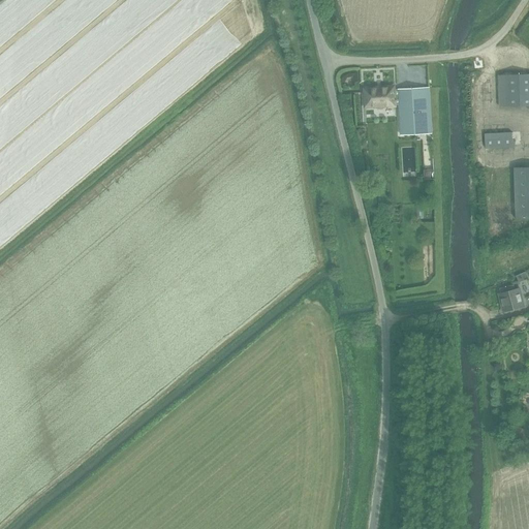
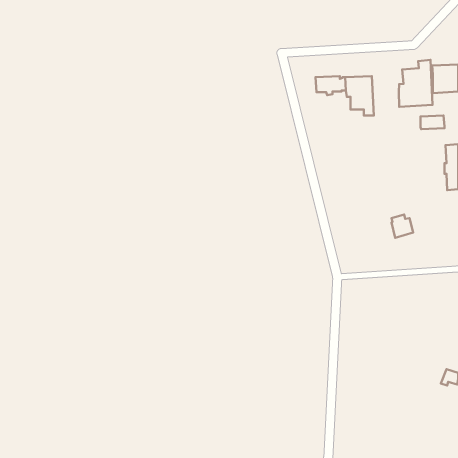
building: none -> [399,60,433,107]
building: [499,285,524,312] -> [392,215,413,238]

